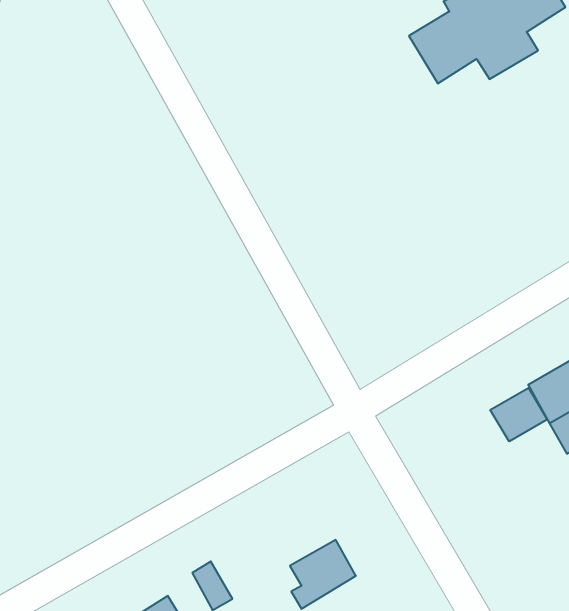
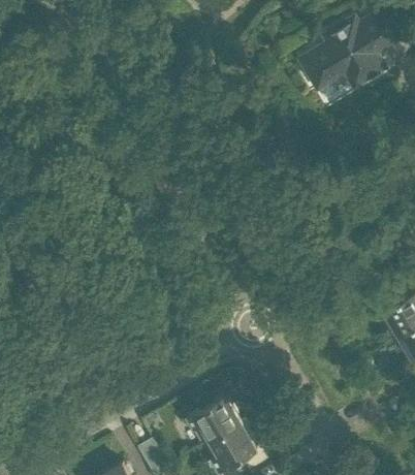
building: [490,388,547,441] -> none
building: none -> [187,397,243,446]

